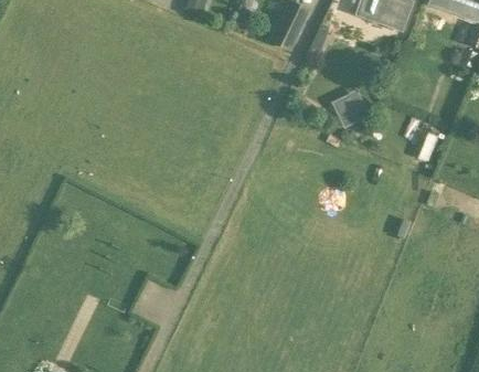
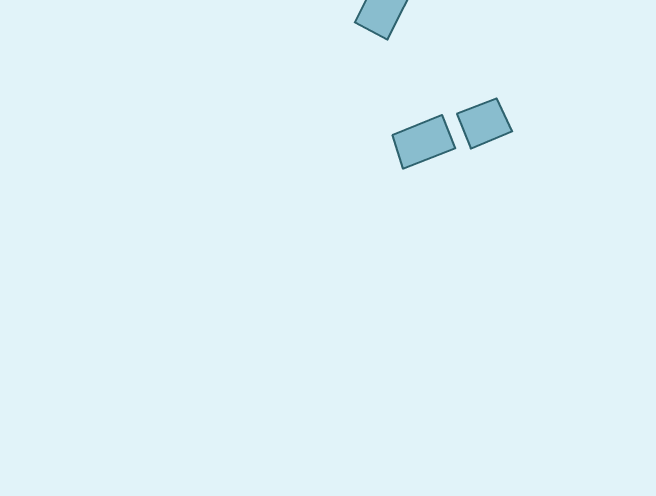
building: none -> [393,115,455,169]

